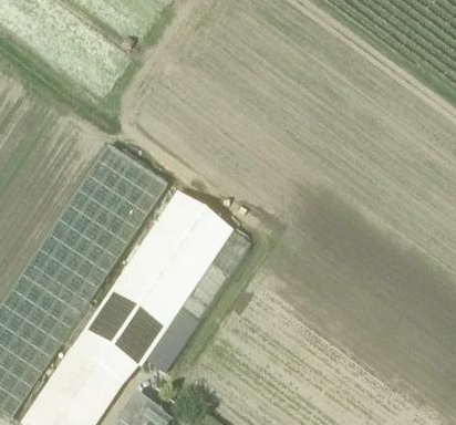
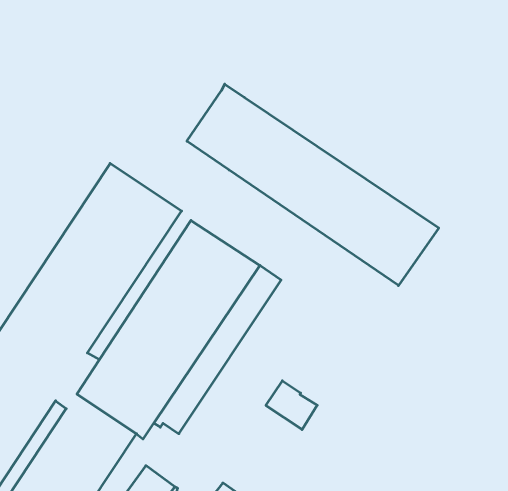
building: none -> [187,84,439,286]
building: none -> [266,381,317,430]

